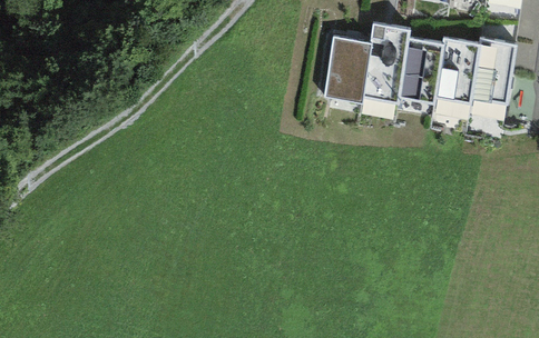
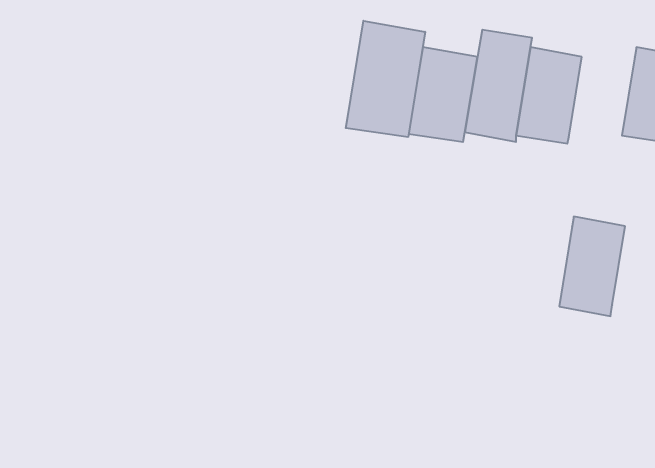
building: none -> [346,21,425,137]
building: [433,37,479,106] -> [559,217,625,316]

